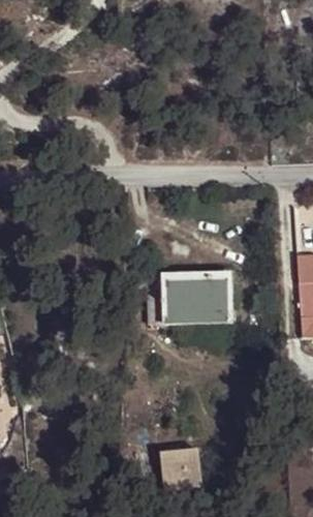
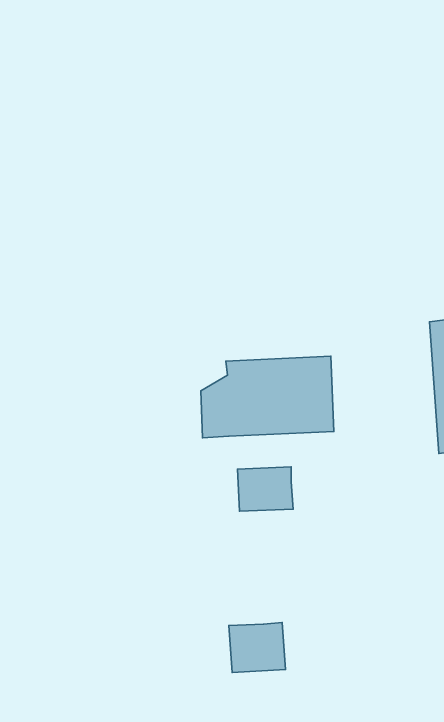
building: none -> [238,467,293,511]

